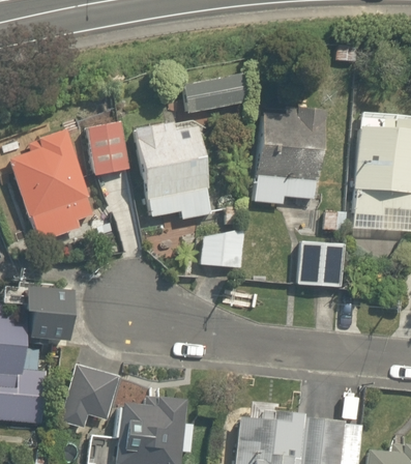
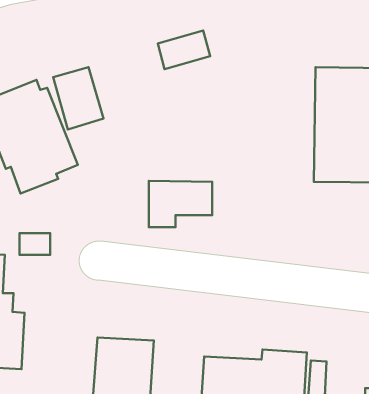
building: [254,107,319,207] -> none
building: [128,115,218,223] -> none
building: [290,240,350,289] -> none
building: [62,367,122,431] -> none

